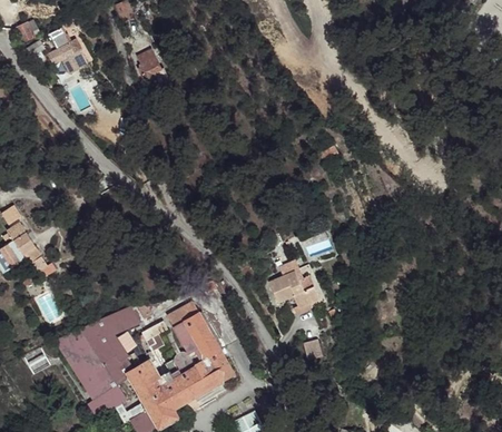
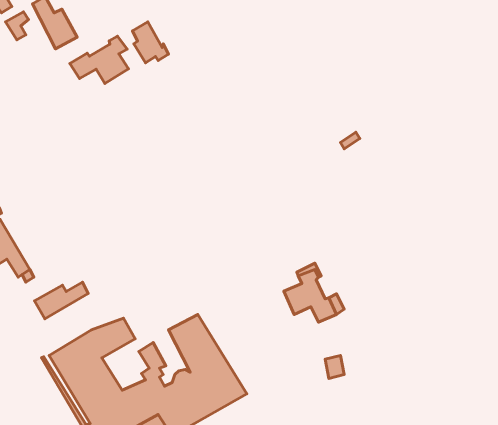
building: none -> [70,36,128,84]
building: none -> [34,282,88,319]

